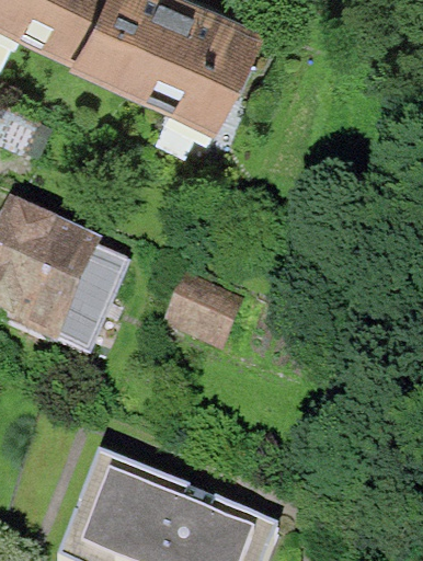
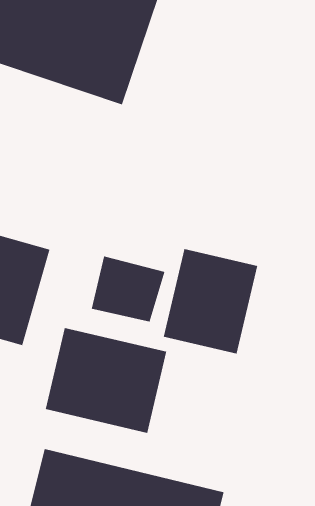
building: none -> [163,248,258,355]
building: none -> [45,327,167,434]

